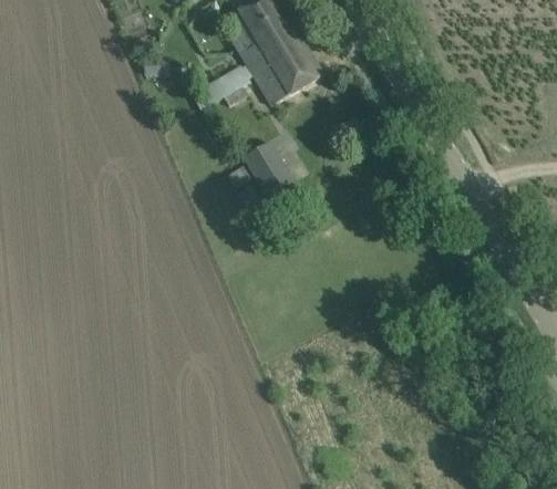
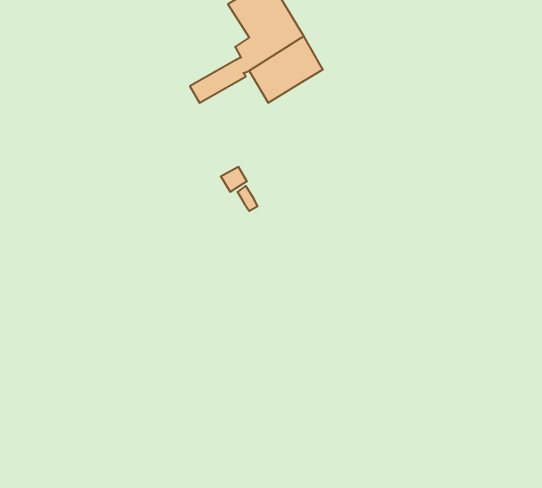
building: [243,141,291,194] -> none

